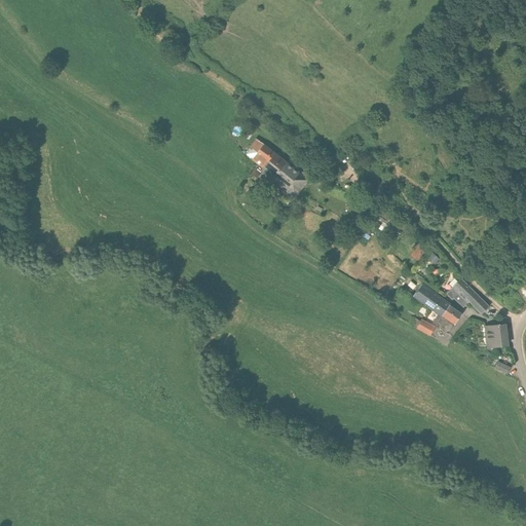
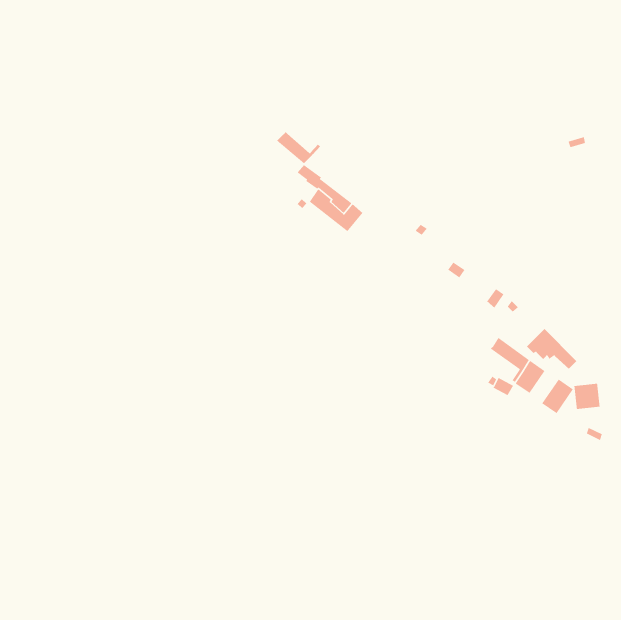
building: none -> [276,131,321,164]
building: none -> [541,379,574,414]

